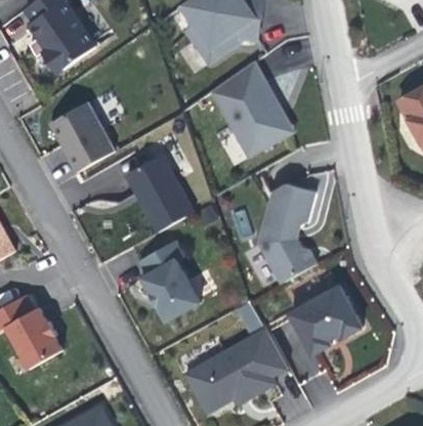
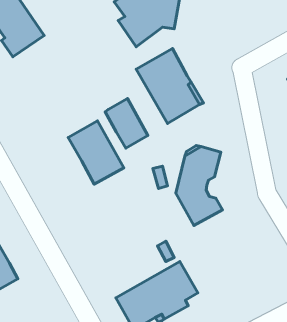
building: [48,101,115,172] -> none
building: none -> [105,99,148,148]
building: [137,240,199,321] -> none
building: [290,286,362,353] -> none

